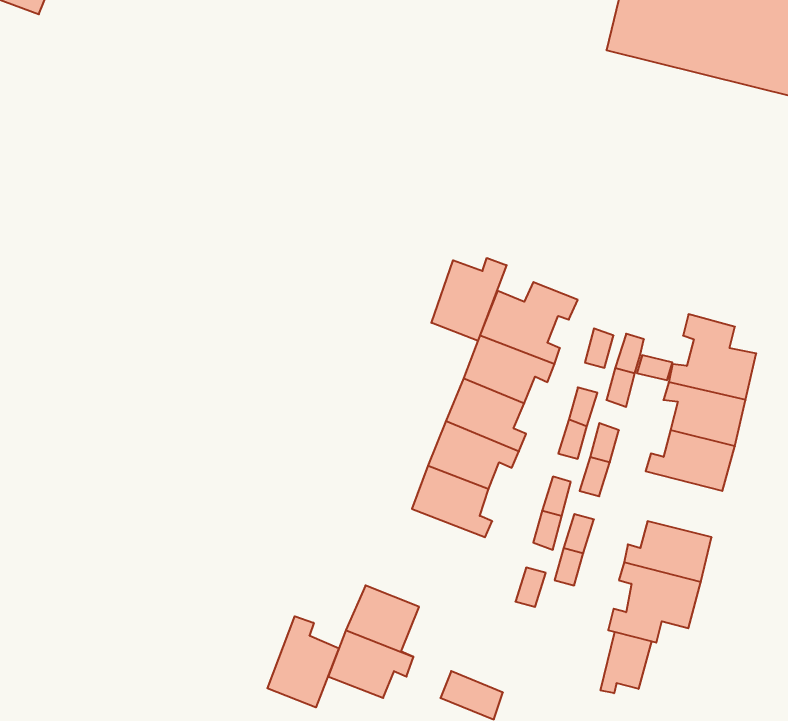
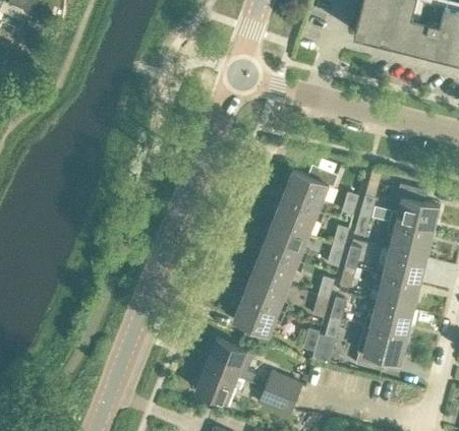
building: [431,258,507,341] -> none
building: none -> [375,274,420,312]
building: none -> [233,296,285,349]
building: [267,616,339,707] -> none
building: [601,632,651,693] -> none
building: none -> [266,374,301,401]

